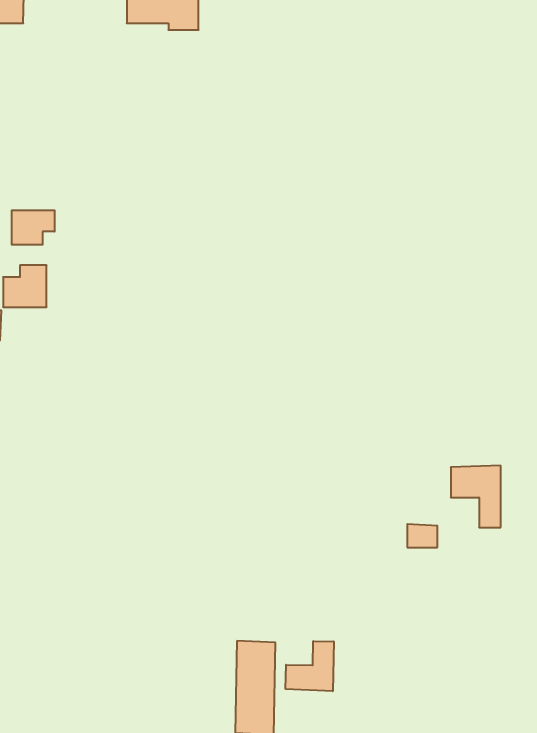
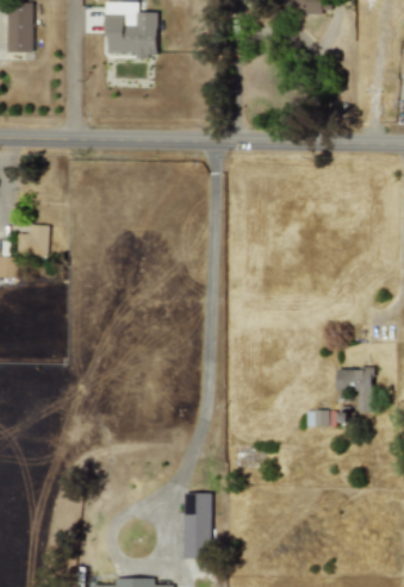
building: [12,210,55,245] -> none
building: [286,641,334,691] -> none

